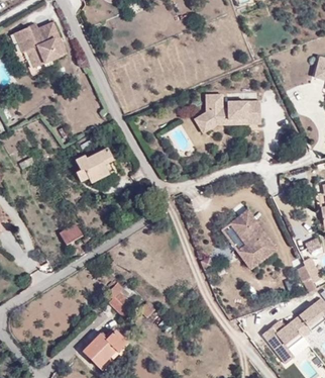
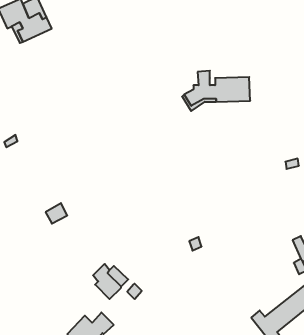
building: [75,148,113,184] -> none
building: [232,210,276,269] -> none

